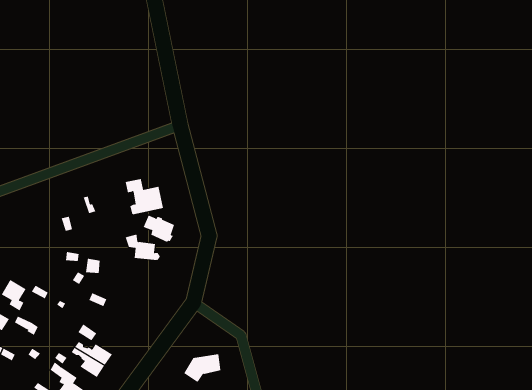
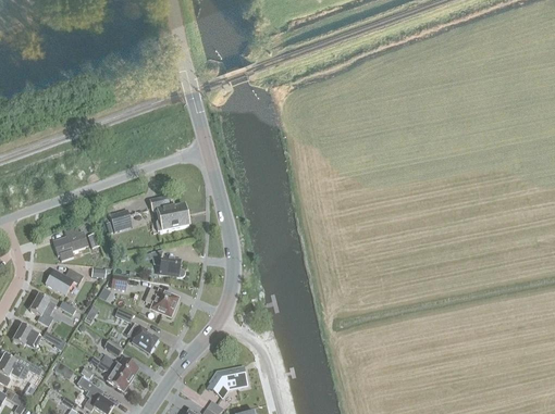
building: none -> [52,225,87,260]
building: [143,215,175,243] -> [145,288,176,315]
building: none -> [45,266,83,293]
building: none -> [126,322,158,352]

